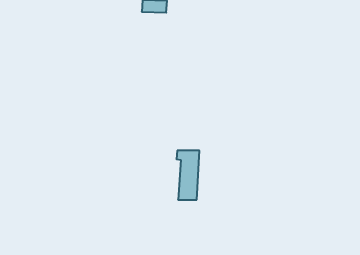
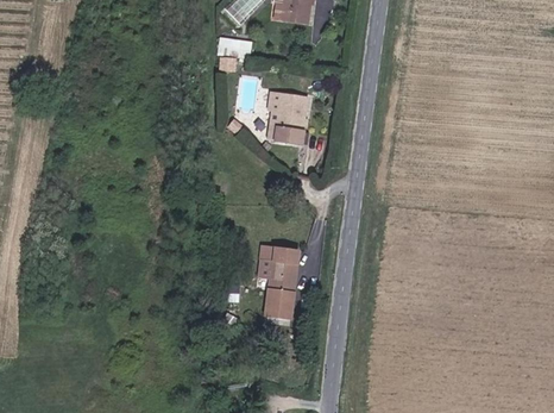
building: none -> [276,96,308,146]

